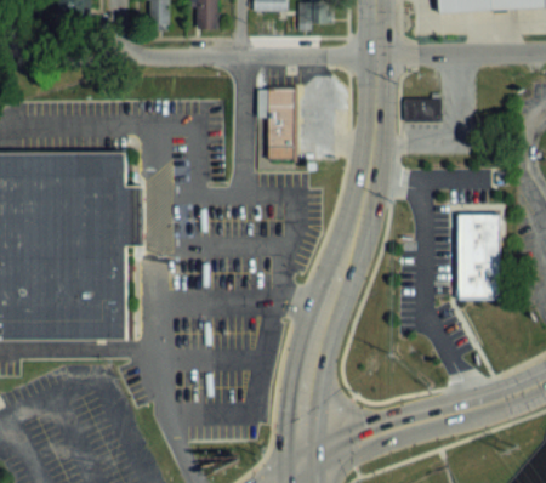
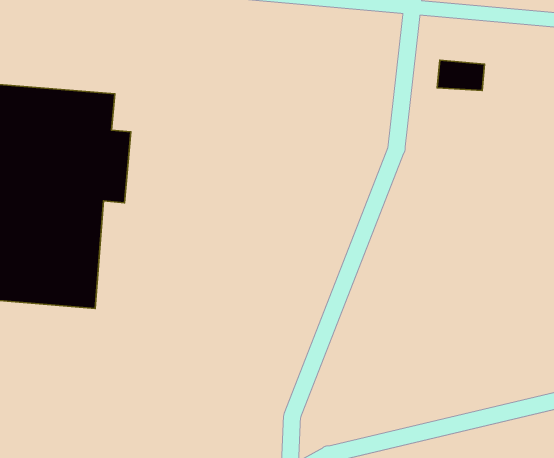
building: [258,85,297,160] -> none
building: [457,212,500,297] -> none

